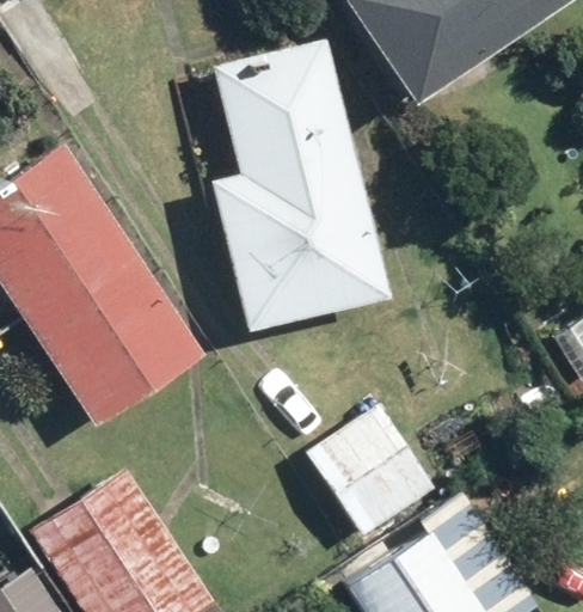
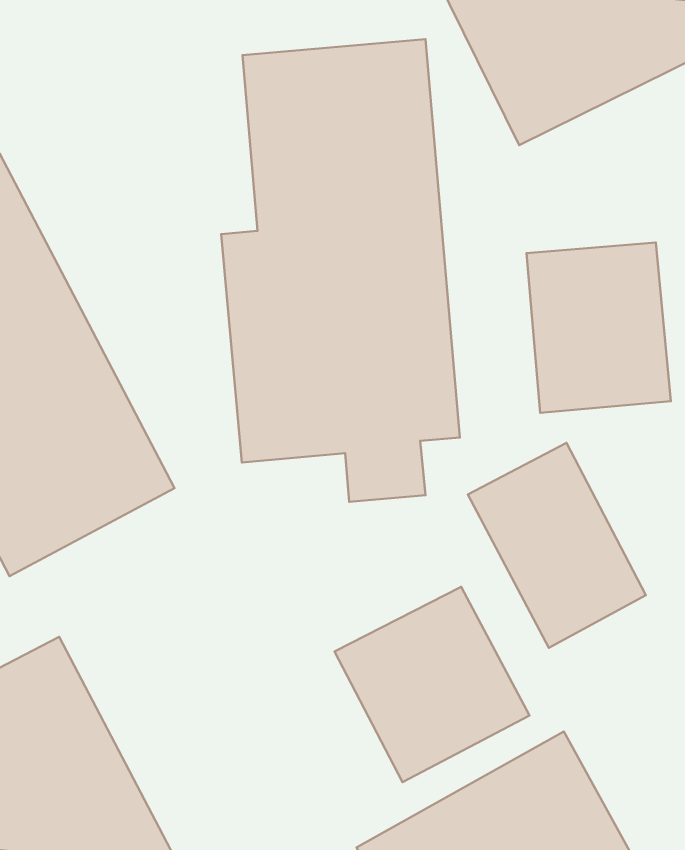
building: none -> [526,243,671,413]
building: none -> [468,443,646,648]

